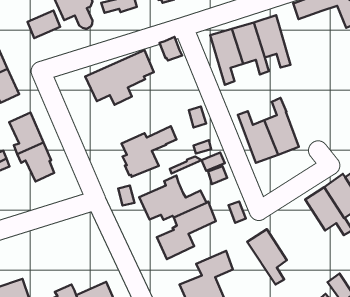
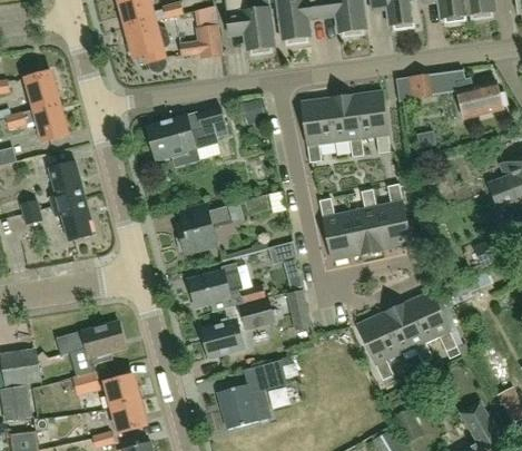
building: [27,11,60,38] -> none
building: none -> [376,184,412,249]
building: [247,229,287,285] -> [357,313,401,380]
building: none -> [57,320,126,363]

